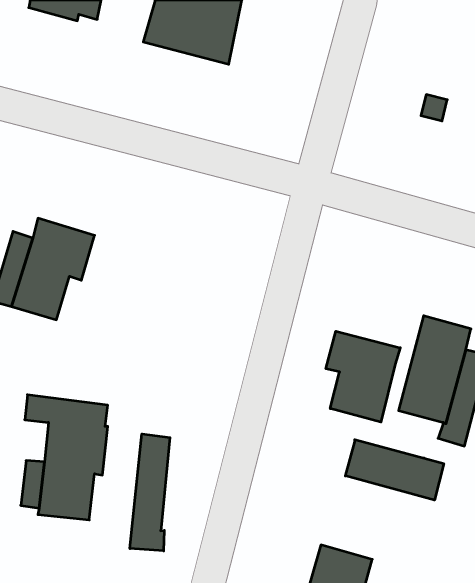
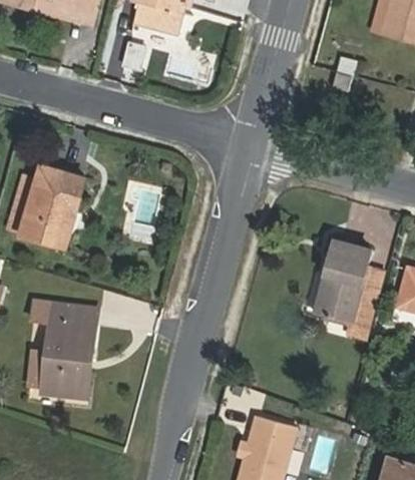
building: [326,331,400,422] -> none
building: [130,434,170,551] -> none
building: [345,440,444,500] -> none

